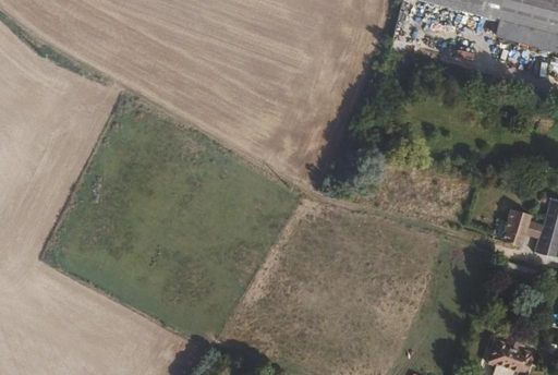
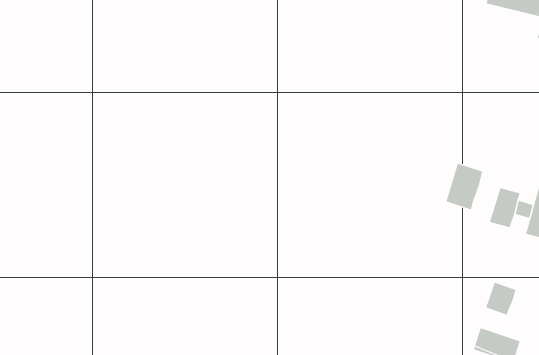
building: none -> [446,163,483,210]
building: none -> [486,282,516,316]

